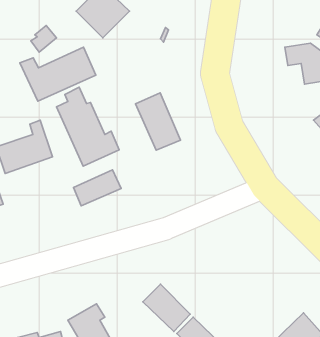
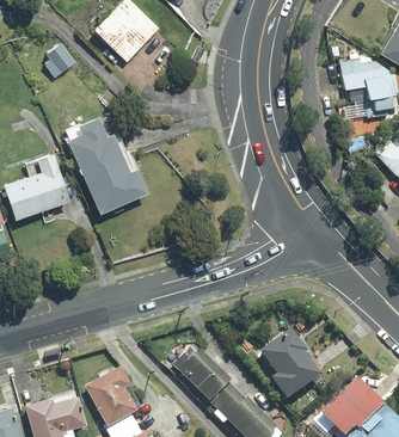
building: [20,47,96,101] -> none
building: [136,93,180,150] -> none
building: [74,170,121,206] -> none
building: none -> [265,332,318,393]

